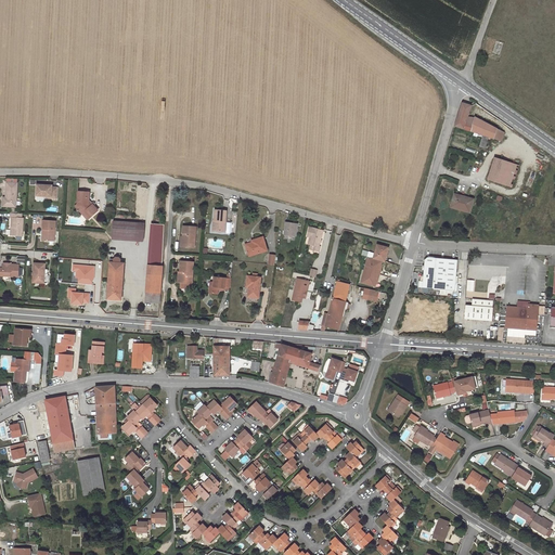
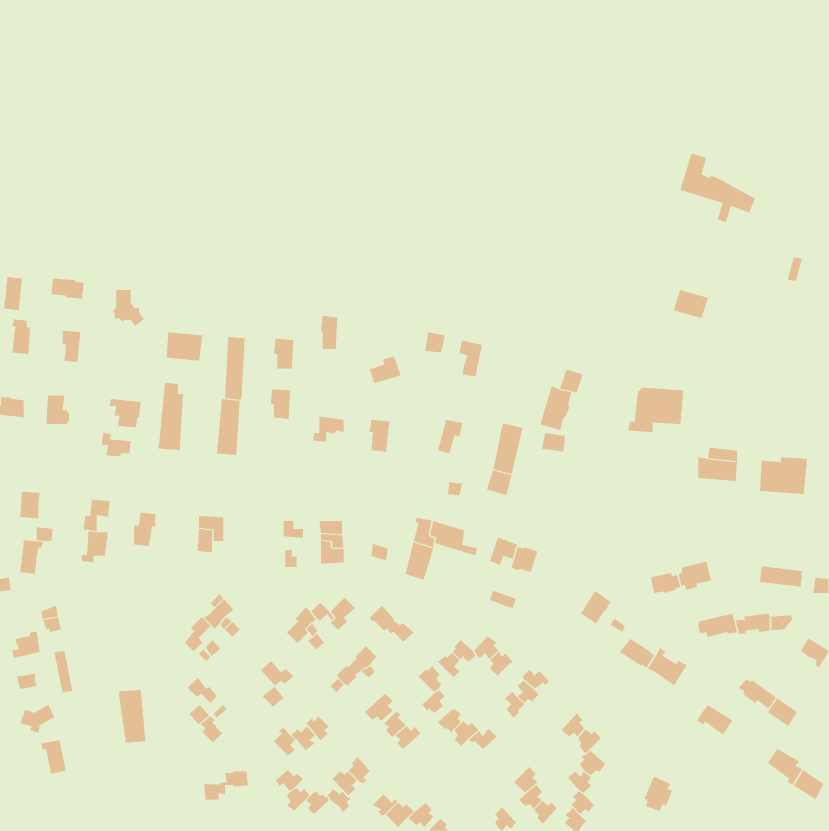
building: [486,157,516,188] -> none
building: [94,386,115,434] -> none
building: [44,397,73,451] -> none

